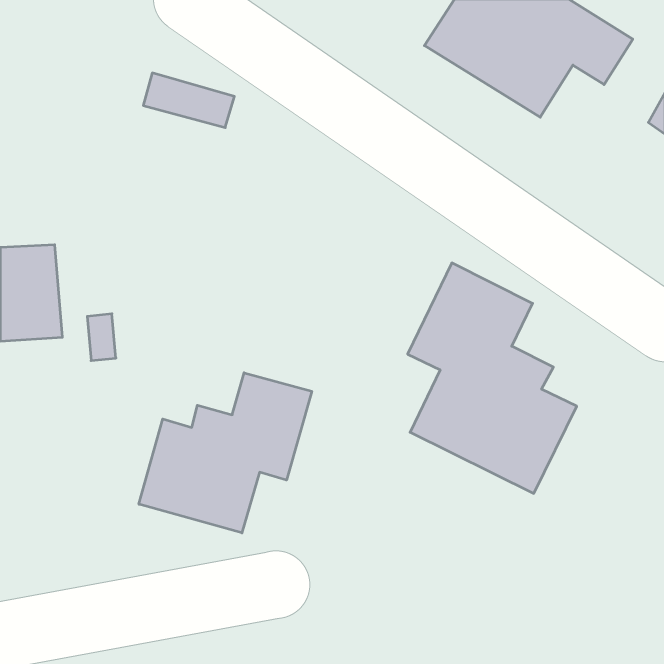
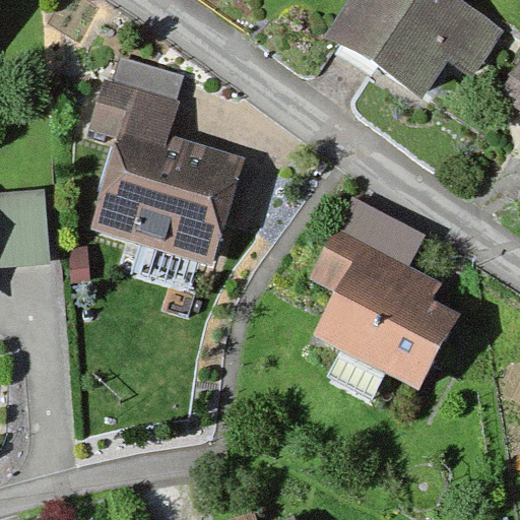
building: none -> [93,84,236,260]
building: [139,373,312,533] -> none

